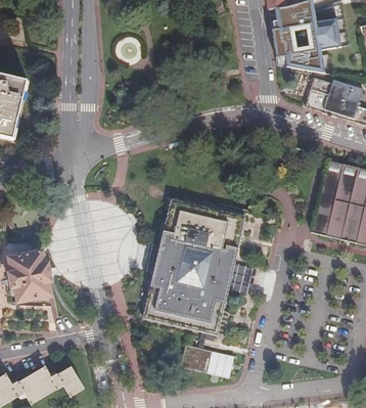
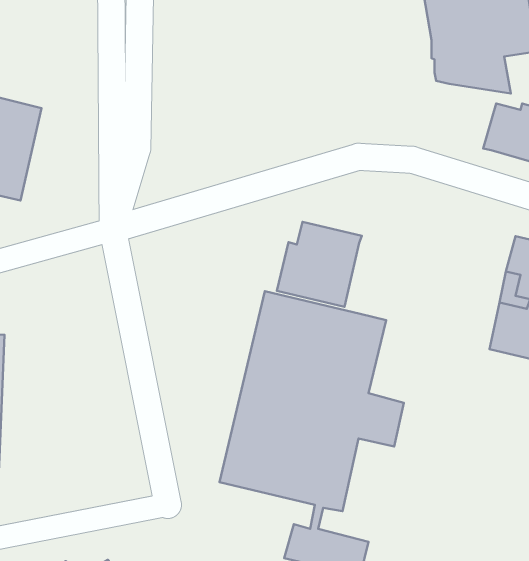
building: none -> [277,222,362,307]
building: [10,251,50,302] -> none

